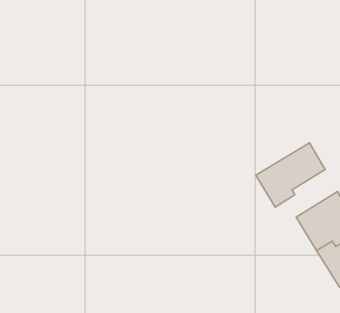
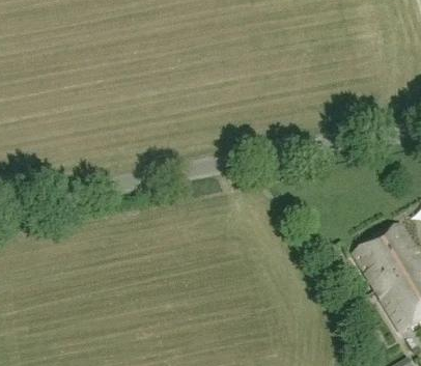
building: [256,143,325,207] -> none

